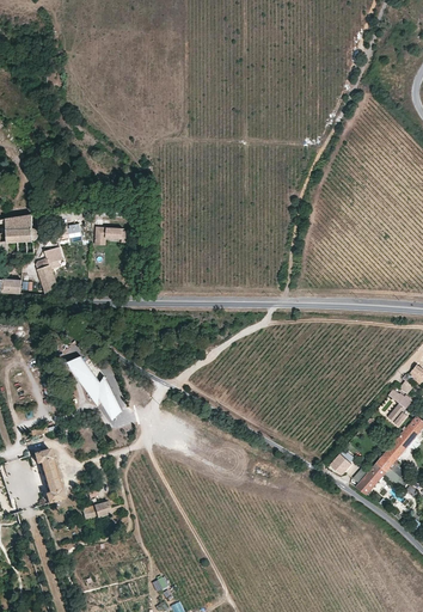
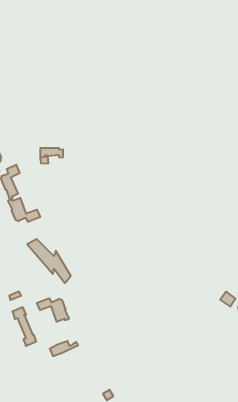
building: none -> [8,198,40,222]
building: none -> [37,298,69,322]

